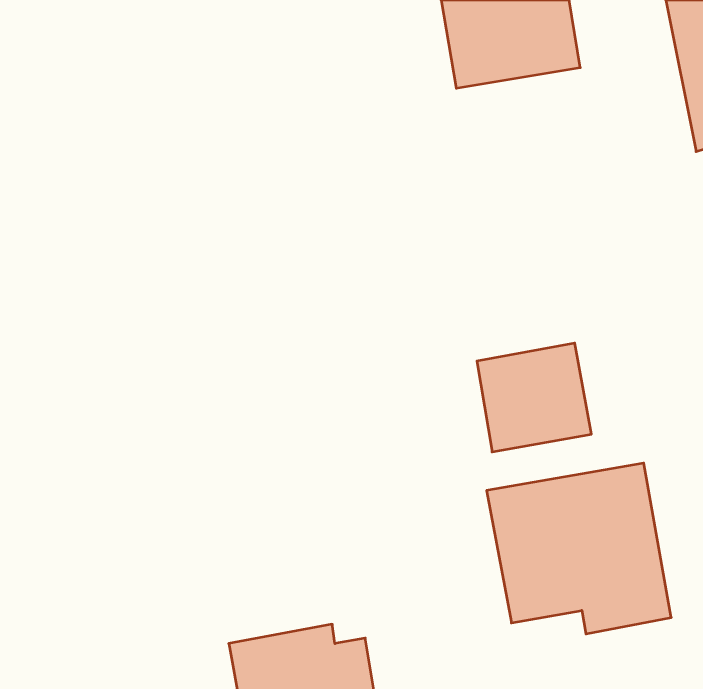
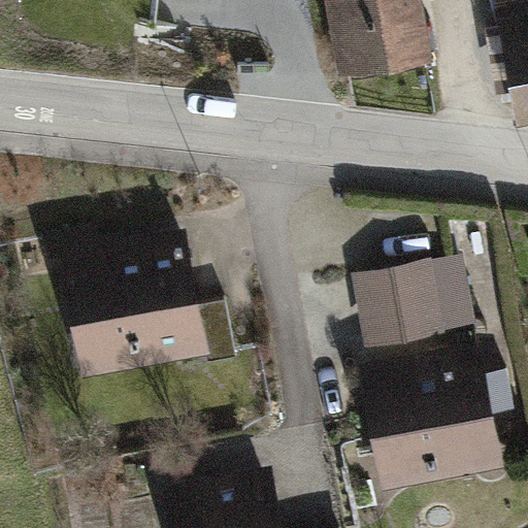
building: none -> [45,230,238,370]

